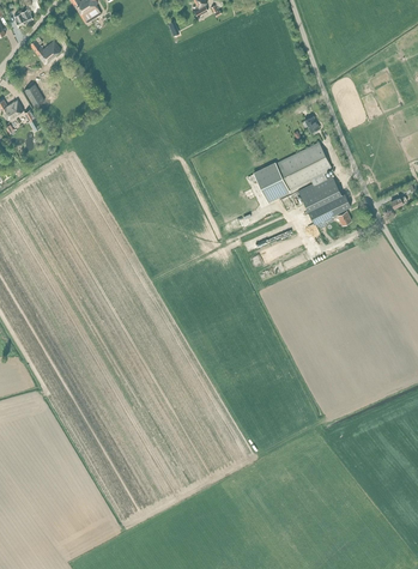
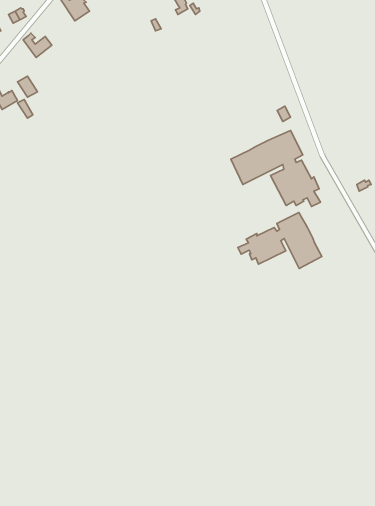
building: none -> [238,212,322,268]

